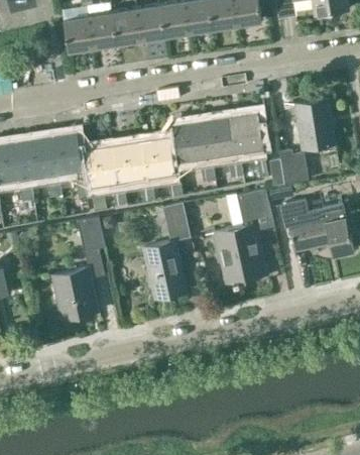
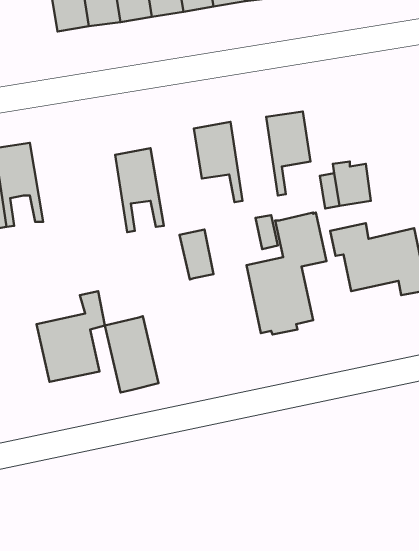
building: [295,99,335,149] -> none
building: [201,117,237,182] -> none
building: [46,132,82,198] -> none
building: [139,137,182,201] -> none
building: [84,146,121,207] -> none
building: [77,219,106,254] -> none
building: [143,241,185,300] -> [105,316,158,392]

